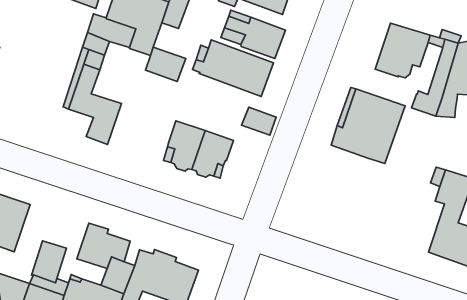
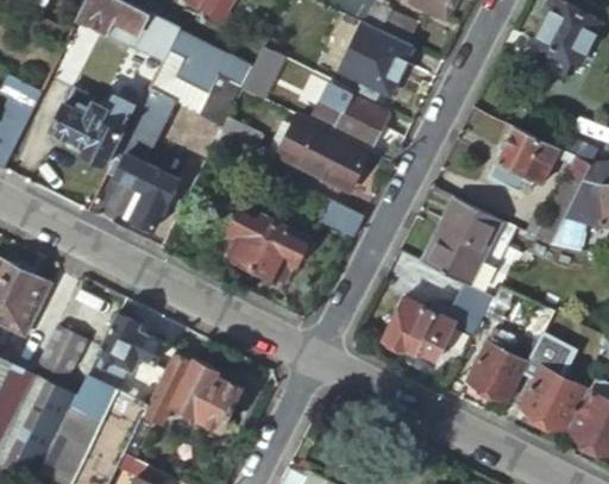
building: none -> [50,87,134,164]
building: none -> [382,284,492,359]
building: none -> [465,327,527,401]

